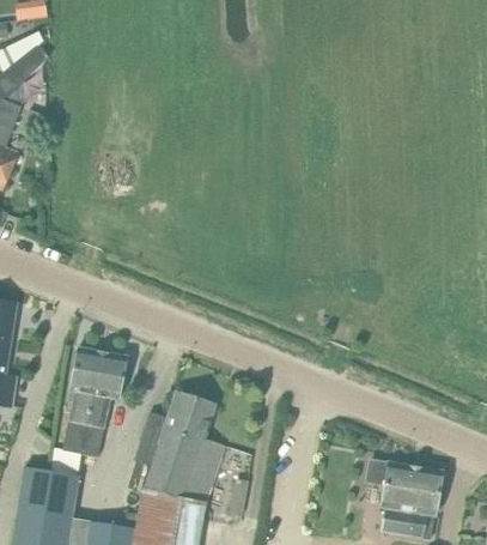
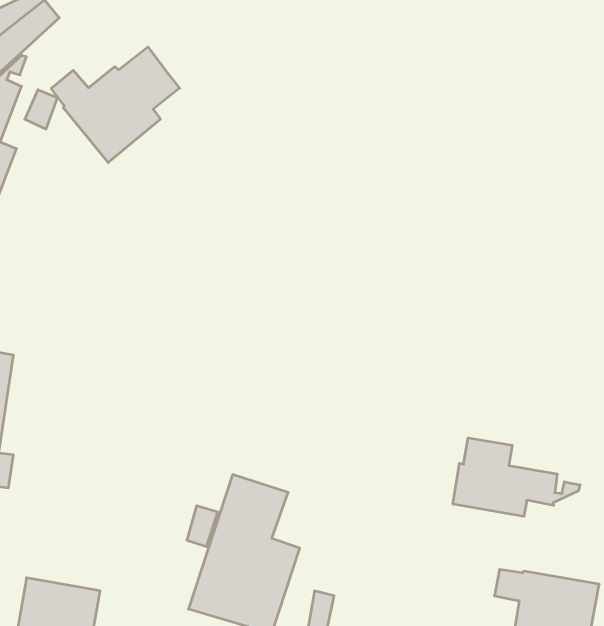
building: none -> [51,47,180,163]
building: [62,347,127,458] -> none
building: none -> [453,438,580,516]

